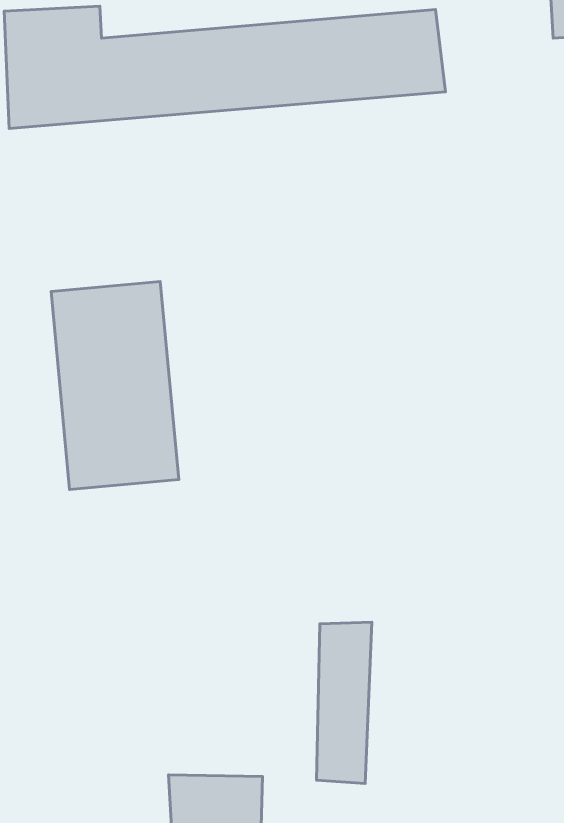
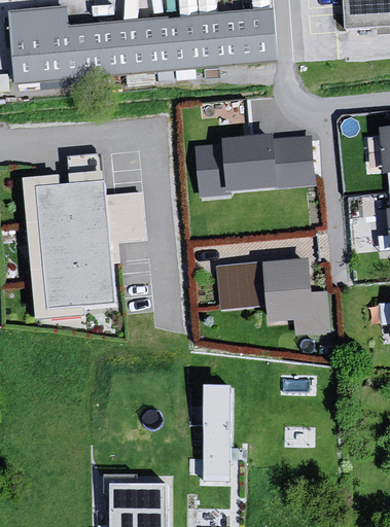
building: none -> [196,132,314,191]
building: none -> [216,255,328,331]

